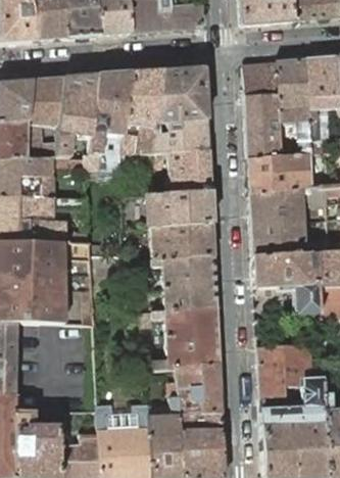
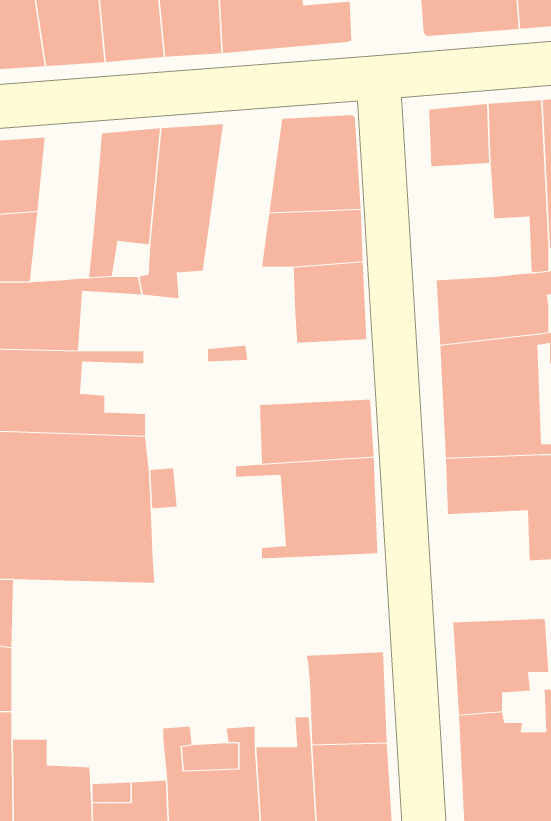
building: [120,68,163,158] -> none
building: [26,77,64,158] -> none
building: [245,93,281,157] -> none
building: [149,190,212,226] -> none
building: [142,307,220,370] -> none

